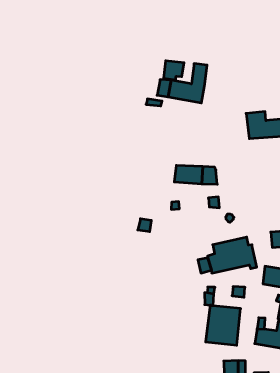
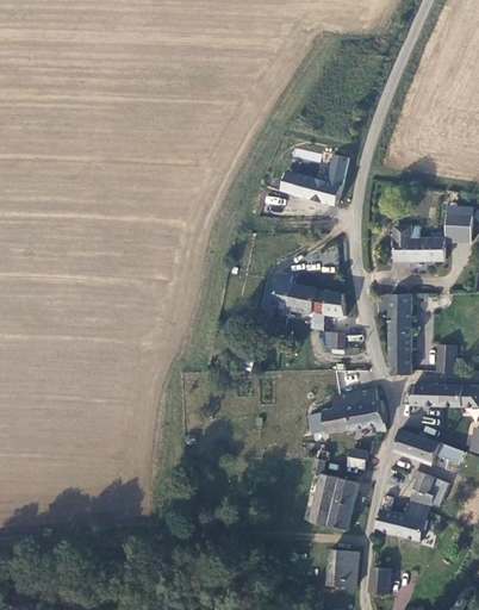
building: none -> [273,274,294,309]
building: none -> [388,294,410,375]

